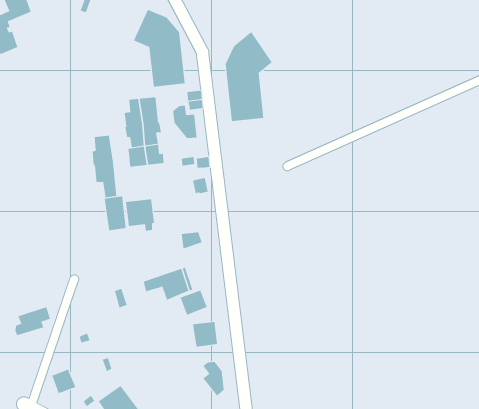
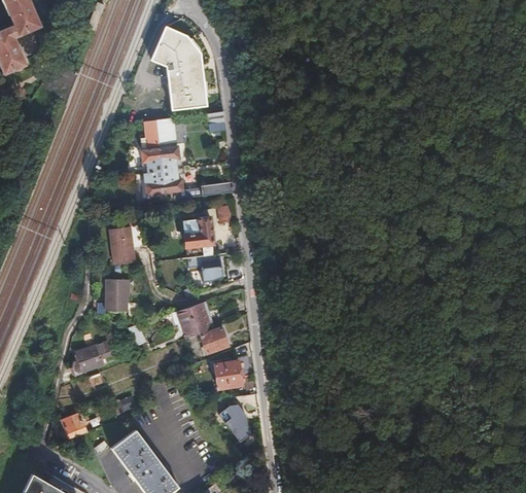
building: [225,31,272,122] -> none
building: [173,105,197,139] -> none
building: [92,135,117,198] -> none
building: [125,199,155,231] -> [181,217,213,252]
building: none -> [106,279,128,311]
building: [15,306,51,336] -> [73,342,112,374]

